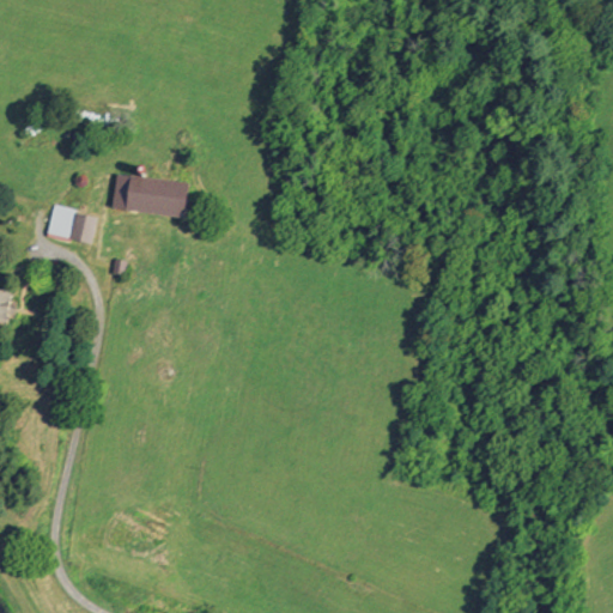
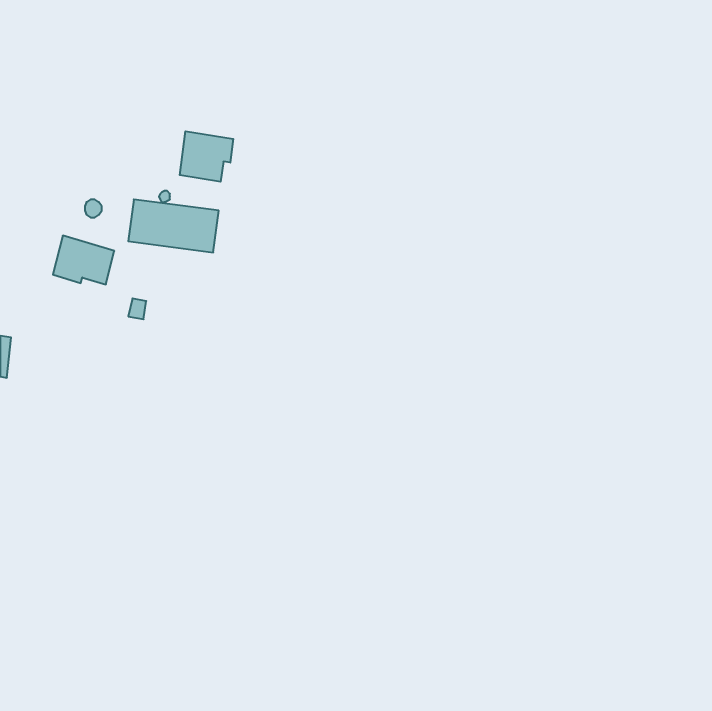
building: none -> [180,131,233,182]

